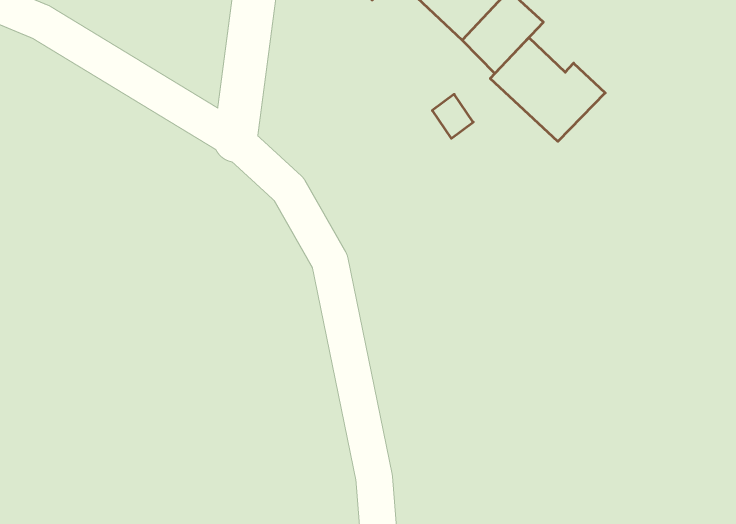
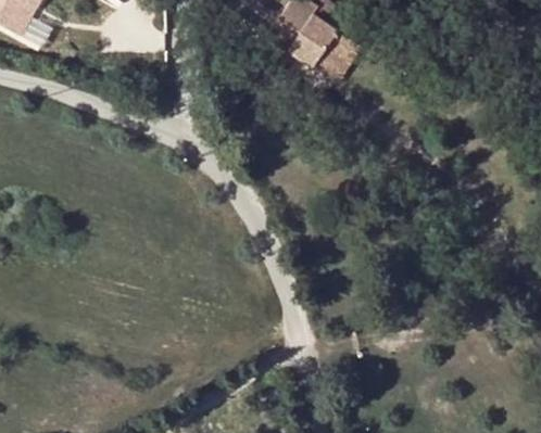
building: [490,38,605,141] -> none

